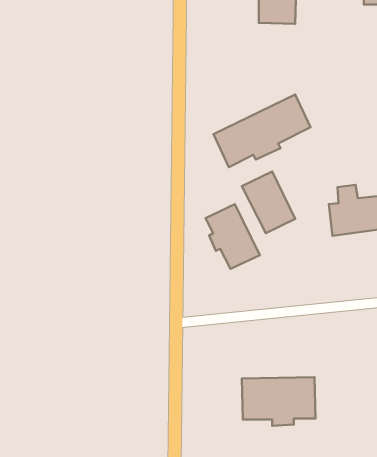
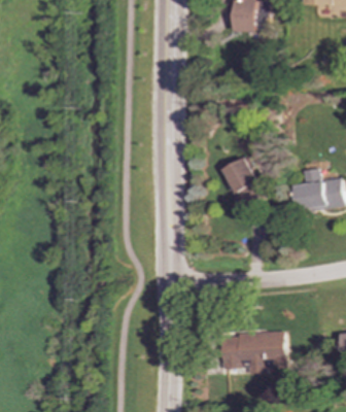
building: [214,94,311,167] -> none
building: [206,204,260,269] -> none

